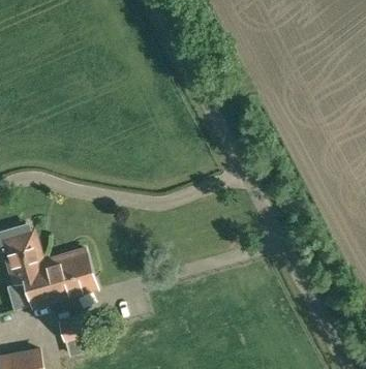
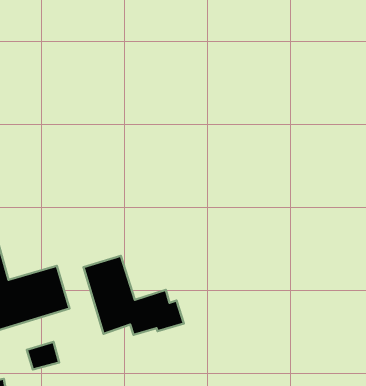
building: none -> [83,256,184,335]

